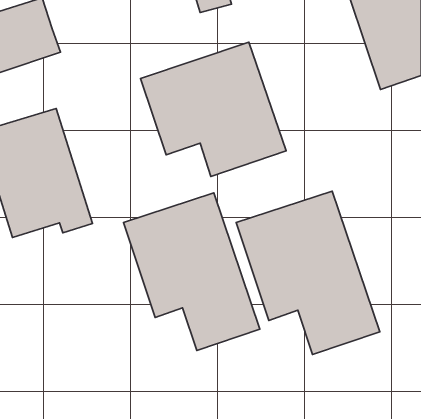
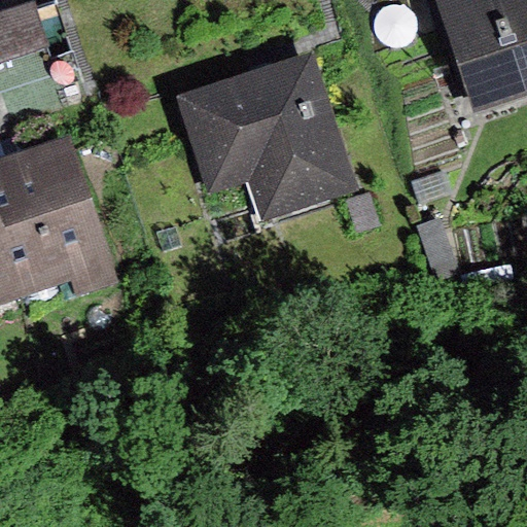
building: [236,191,380,354] -> none
building: [123,193,260,351] -> none

